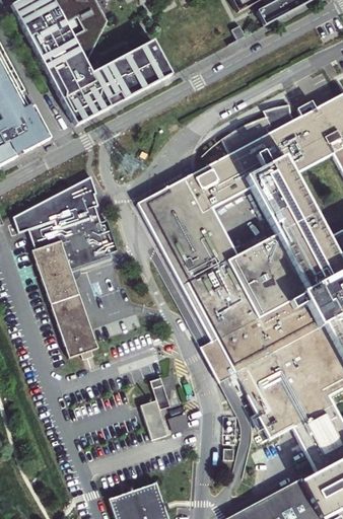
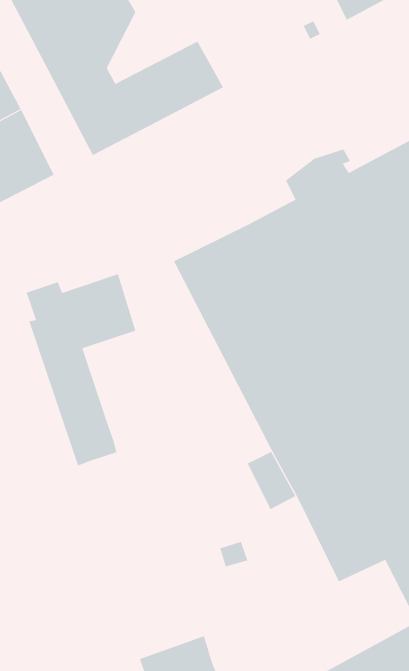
building: [17,169,98,226] -> none
building: [143,374,173,437] -> none

